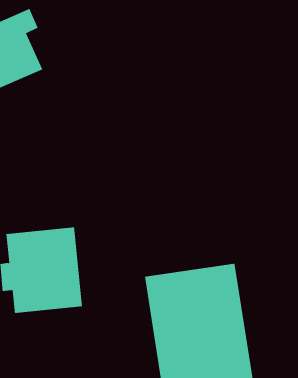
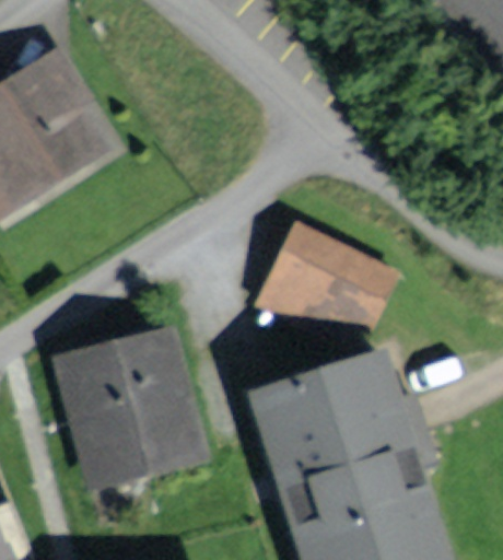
building: none -> [261,224,372,328]

